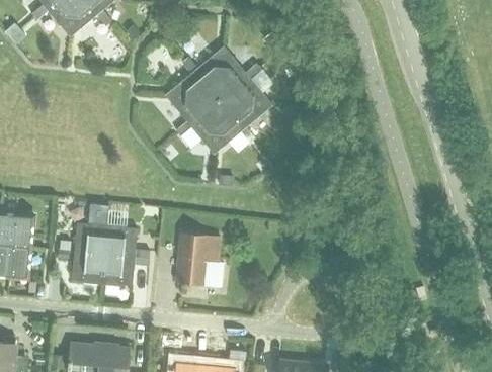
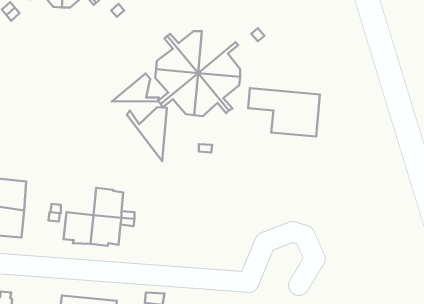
building: [218,54,258,99] -> none
building: none -> [112,73,159,101]
building: none -> [248,88,320,136]
building: none -> [127,107,167,161]
building: [75,203,109,253] -> none
building: [177,231,224,286] -> none

